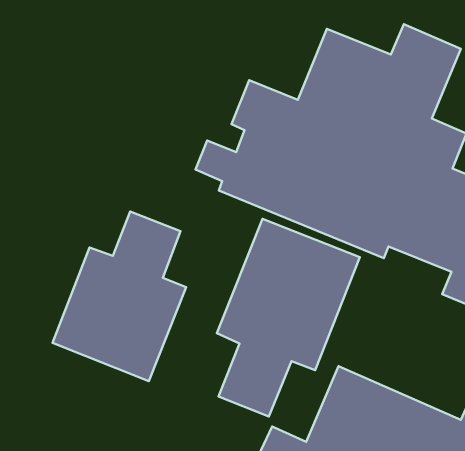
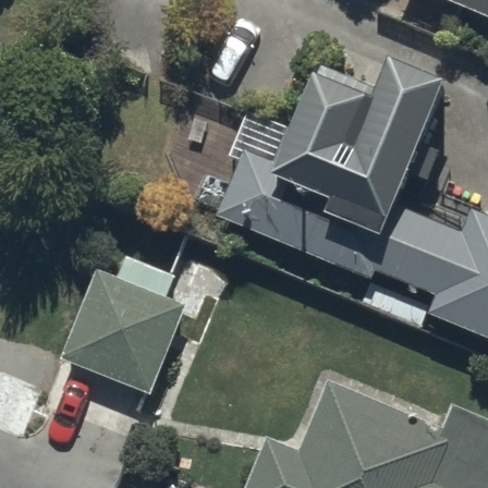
building: [217,219,360,416] -> none

